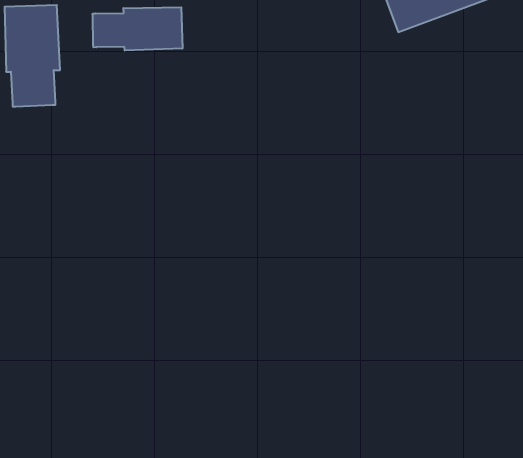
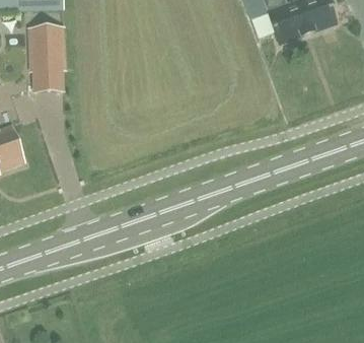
building: [93,7,182,51] -> none

